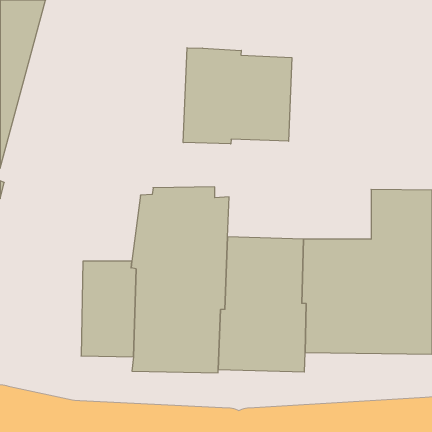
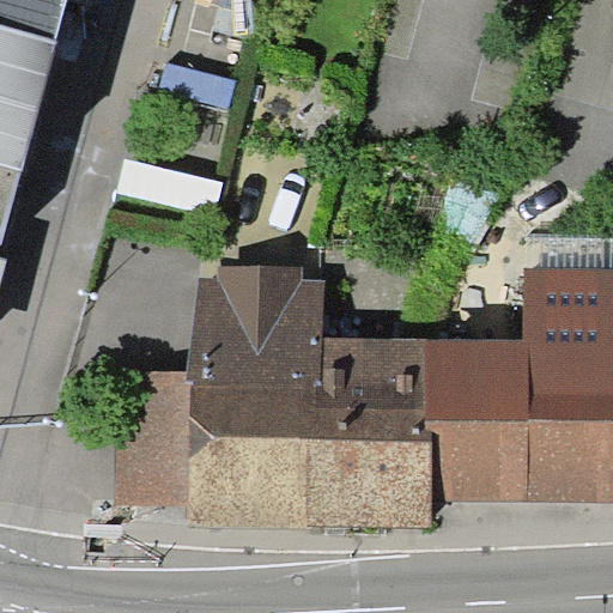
building: [183,48,292,144] -> none

